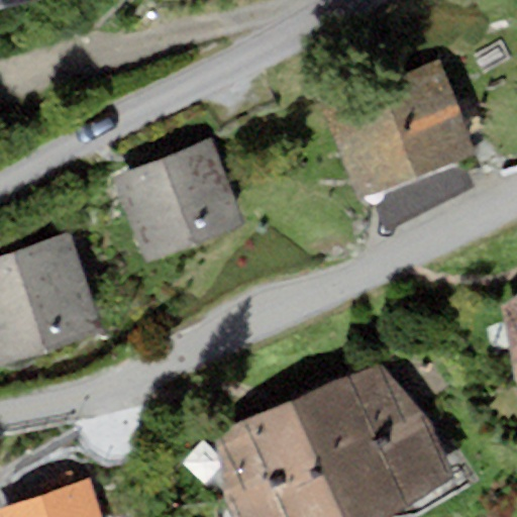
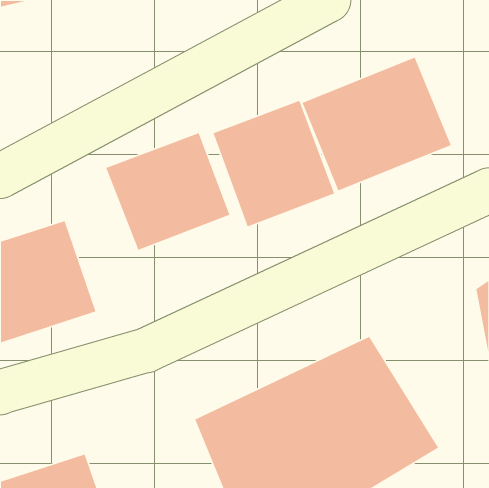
building: none -> [212,100,335,227]

